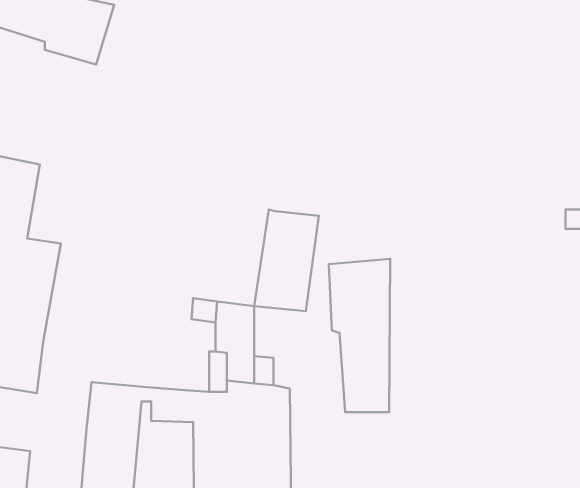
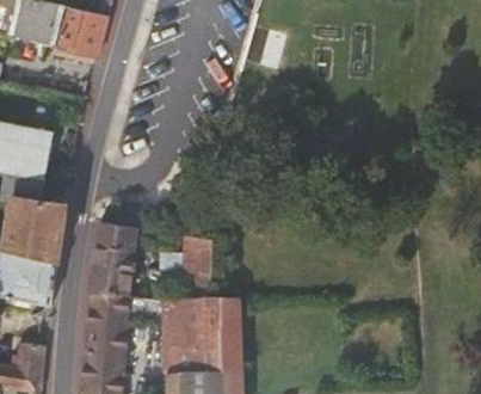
building: [254,209,319,311] -> [90,223,137,298]
building: [329,259,390,412] -> none

